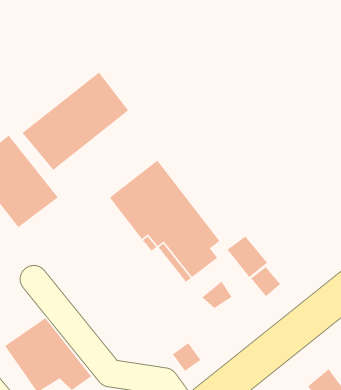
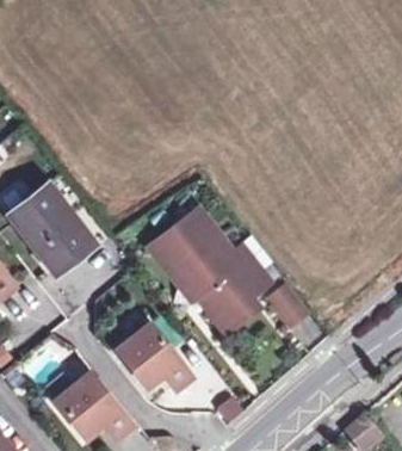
building: [22,71,129,171] -> none
building: none -> [110,323,190,389]

